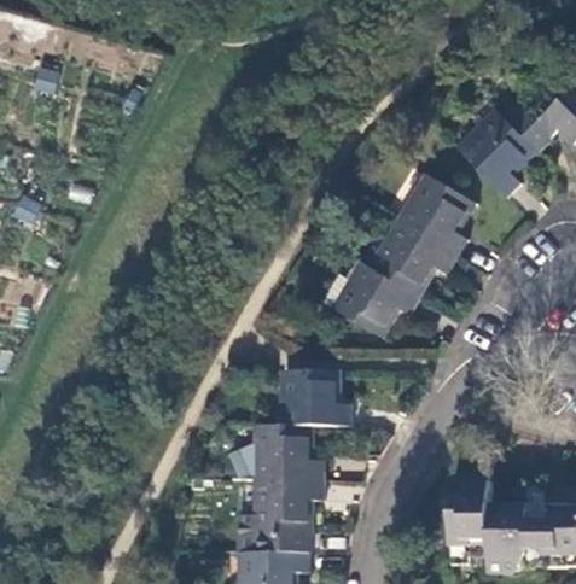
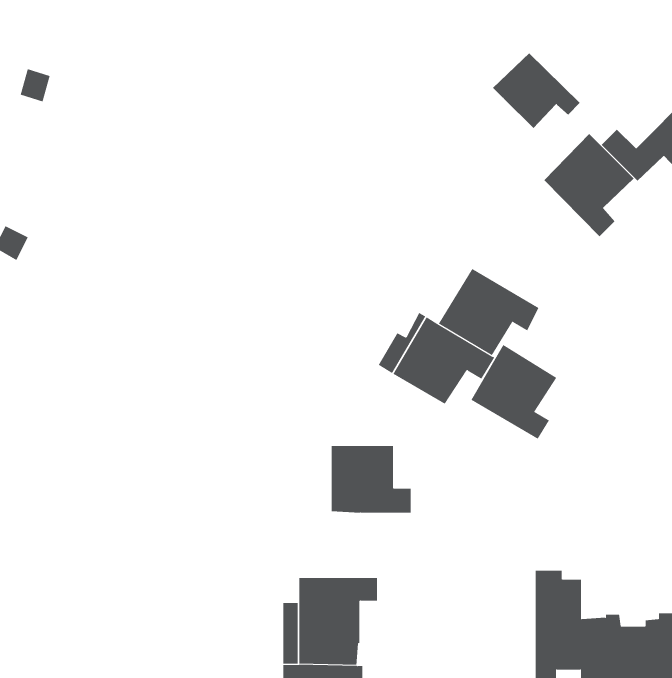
building: none -> [492,52,581,129]
building: [401,177,472,256] -> [471,344,557,440]
building: [257,424,325,478] -> none

